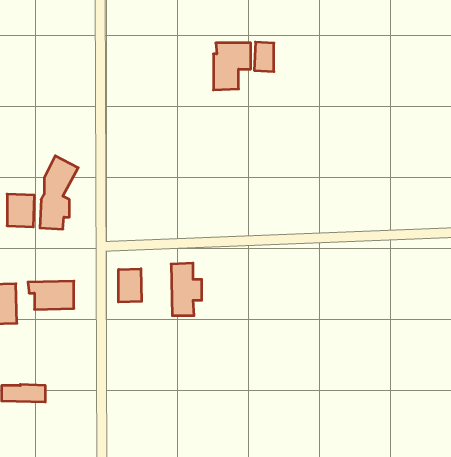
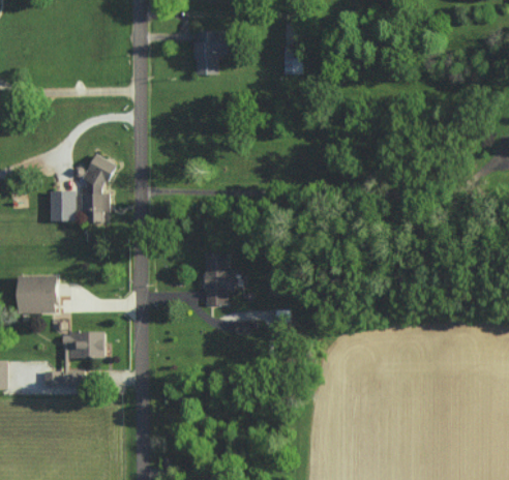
building: [213,43,251,90] -> [194,31,230,76]
building: [118,269,142,302] -> none
building: [28,281,74,309] -> [62,332,106,359]

